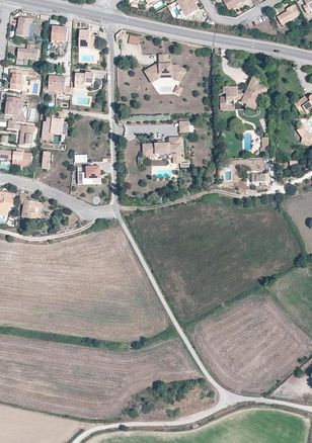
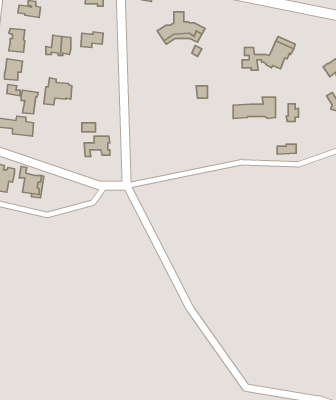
building: [142,137,180,156] -> [233,97,276,119]

